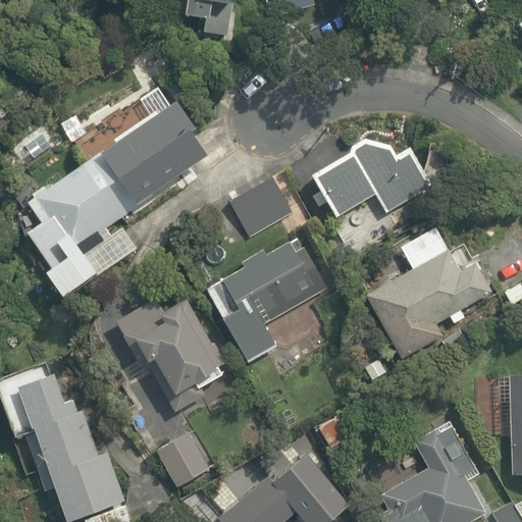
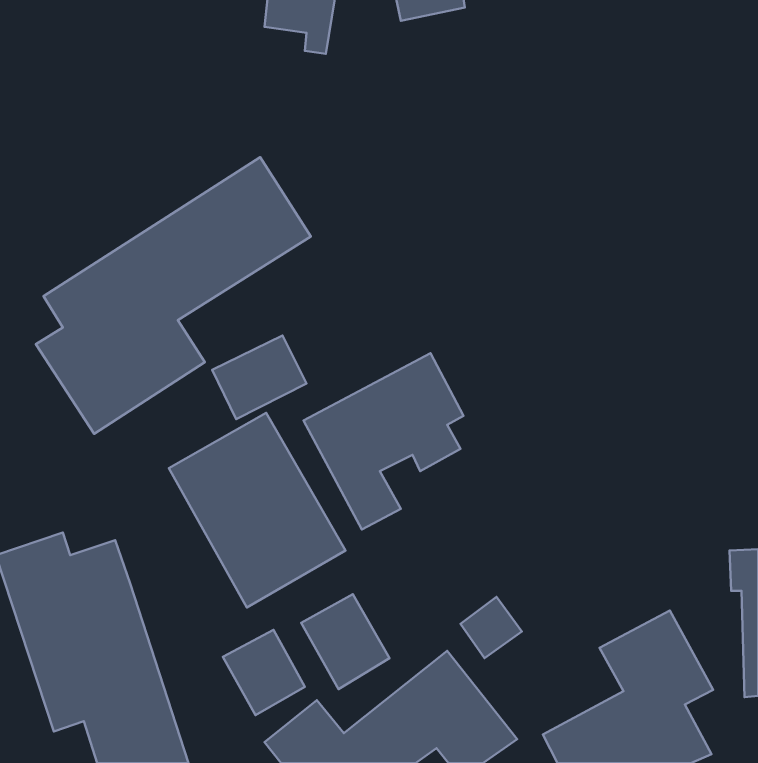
building: [316,147,429,218] -> none
building: [227,179,292,237] -> [212,336,306,419]
building: [362,228,492,362] -> none
building: none -> [301,594,389,689]

